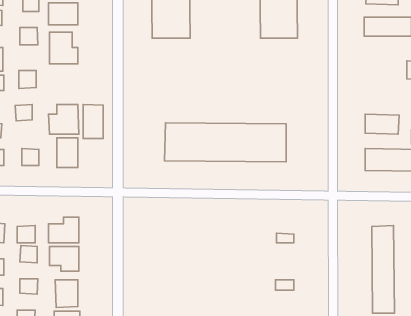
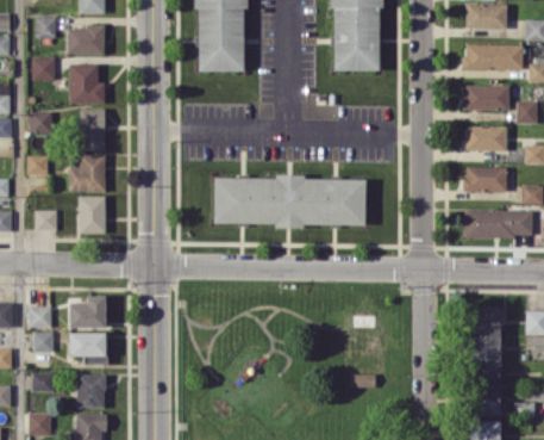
building: none -> [464,85,509,111]
building: none -> [465,126,507,151]
building: [83,104,103,139] -> [80,109,105,151]

